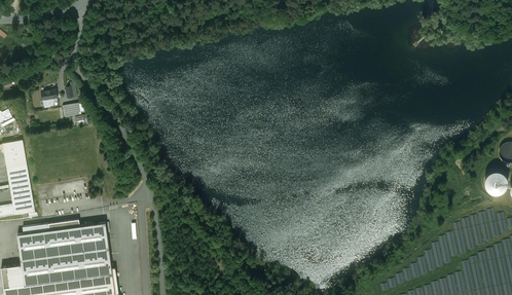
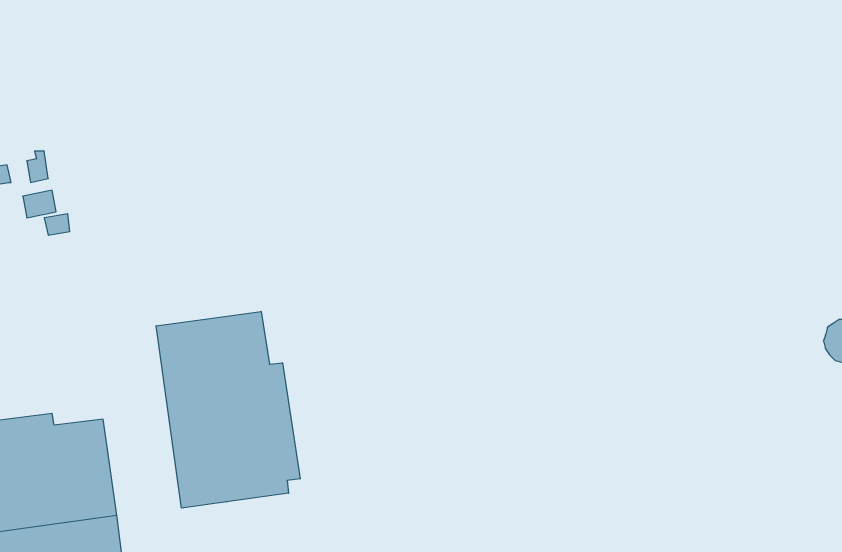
building: none -> [156,311,300,508]

